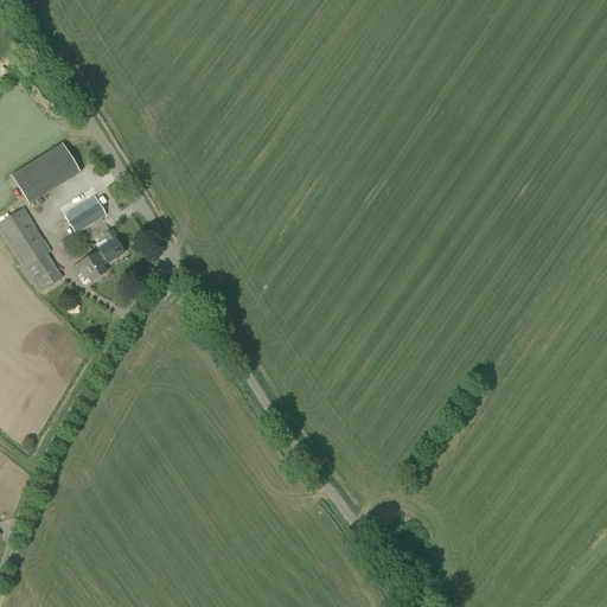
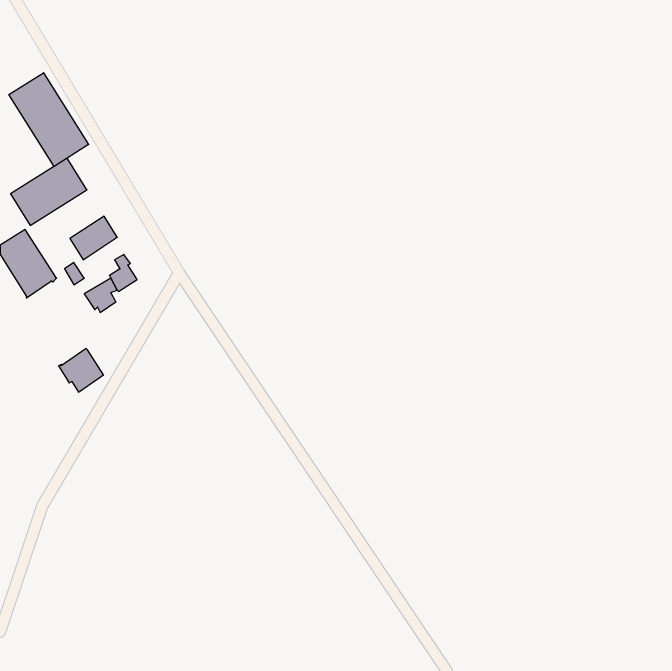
building: none -> [9,73,89,166]
building: [23,253,63,292] -> [59,349,103,392]

